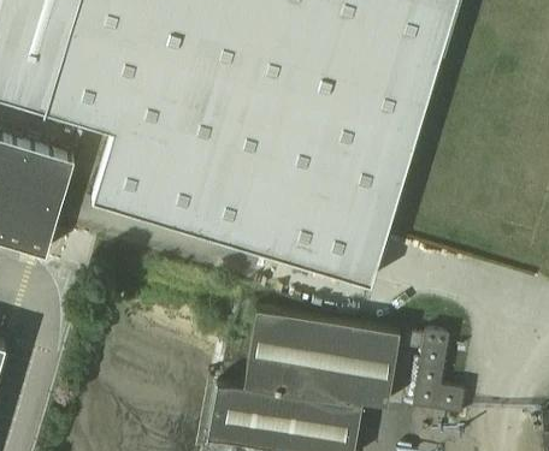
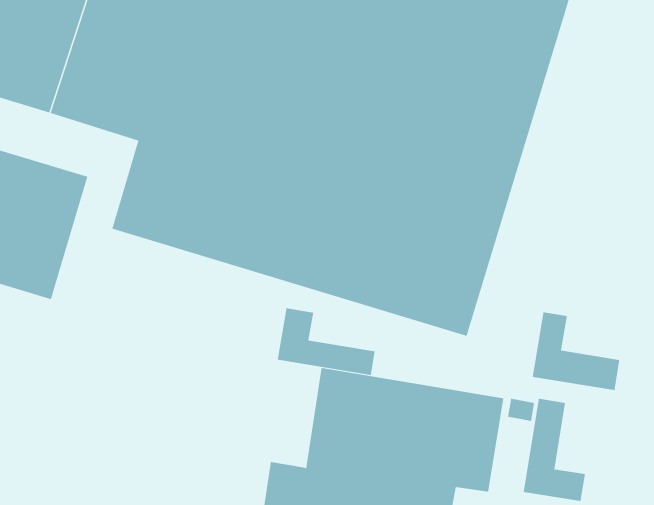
building: none -> [277,308,375,376]
building: none -> [532,311,620,391]

